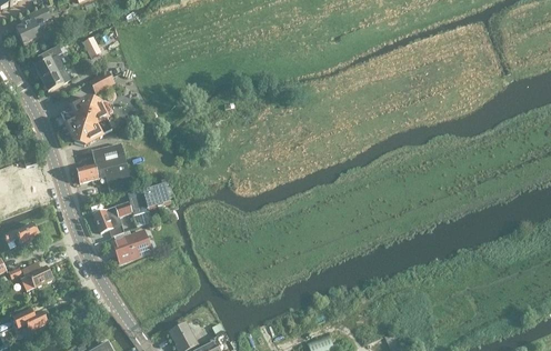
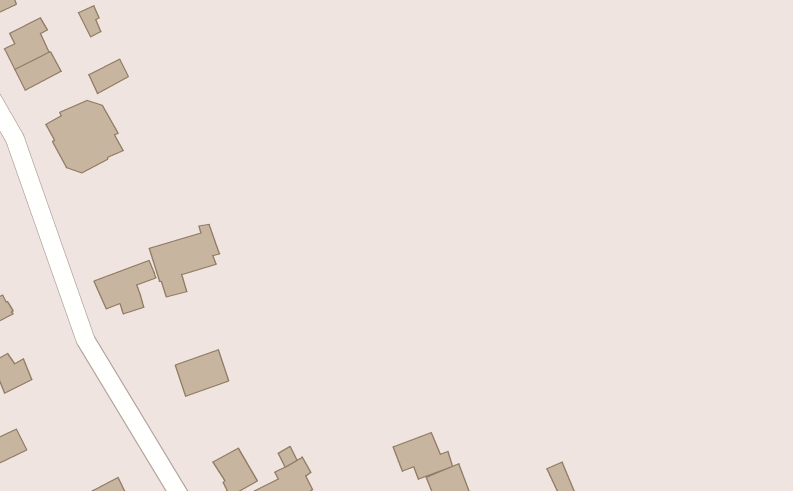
building: [74,144,133,194] -> none
building: [114,231,149,261] -> [175,350,229,396]
building: none -> [393,433,453,479]

